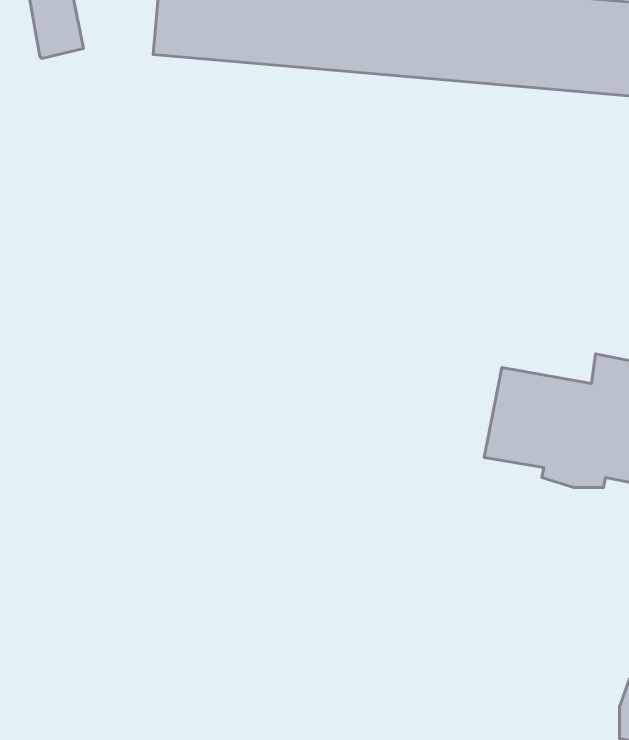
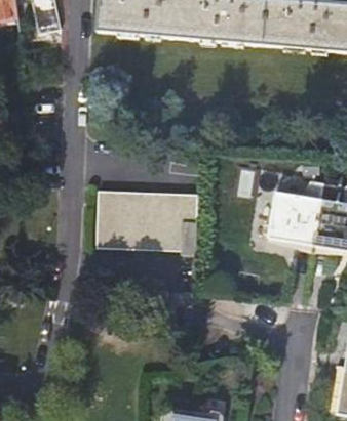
building: none -> [97,190,197,254]

